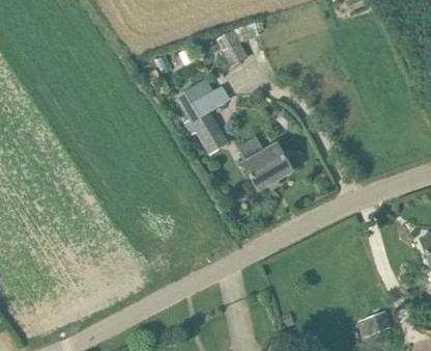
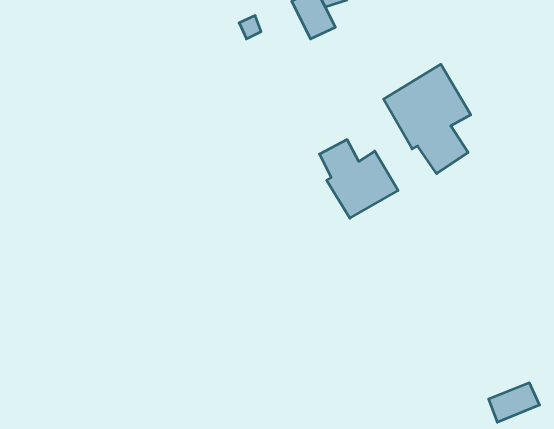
building: [175,79,230,143] -> none
building: none -> [384,64,471,174]

